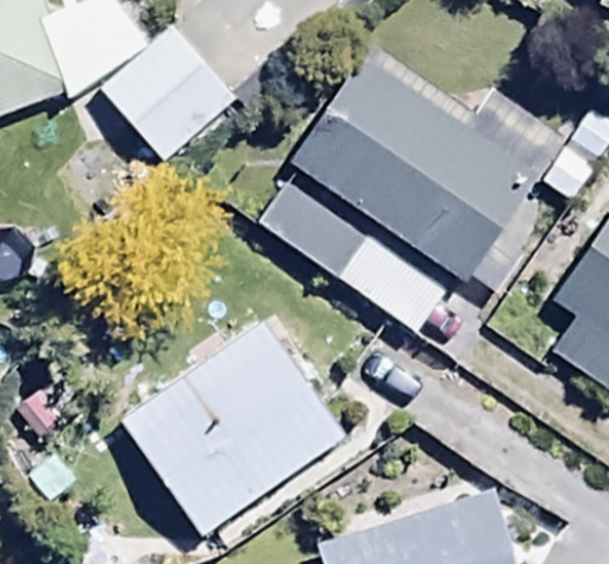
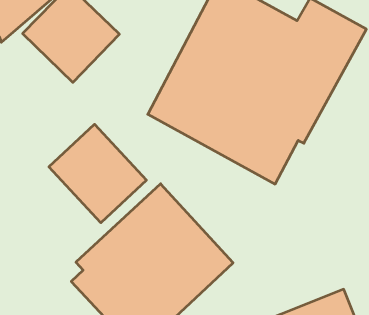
building: none -> [49,124,146,223]

